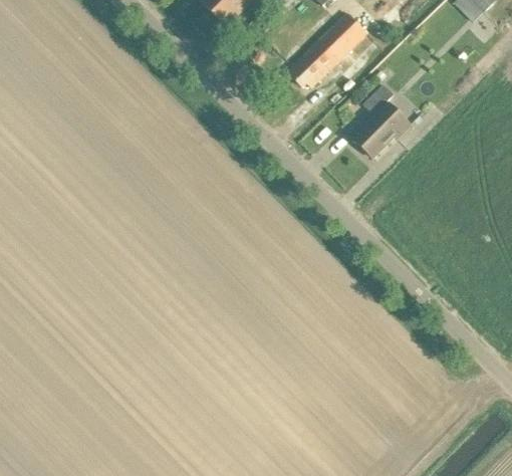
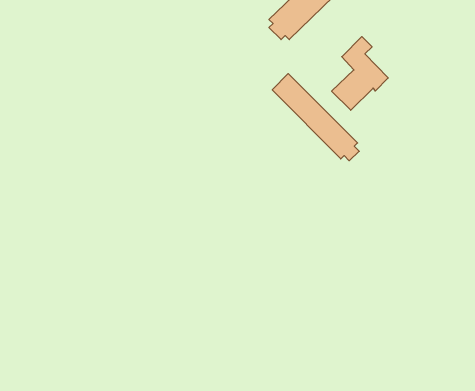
building: none -> [272,74,359,161]

